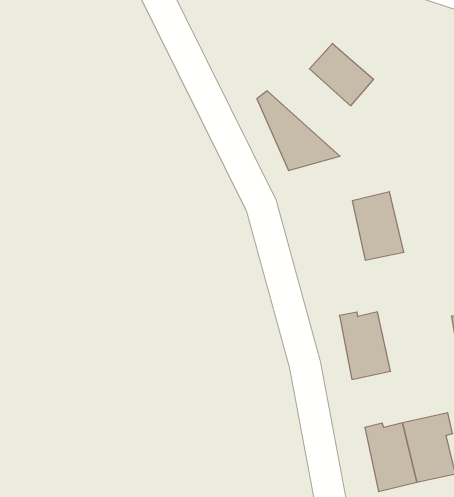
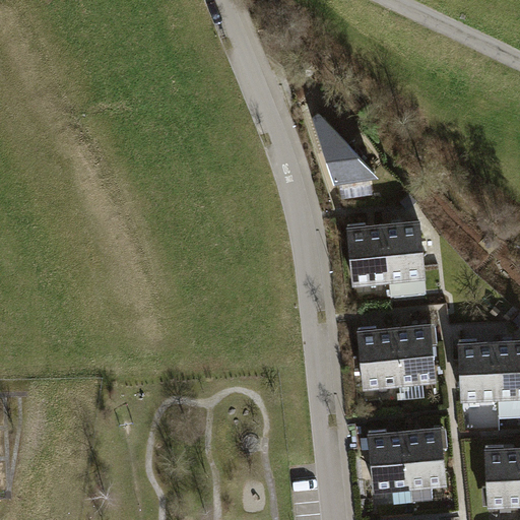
building: [309,43,373,106] -> none
building: none -> [348,224,389,284]
building: none -> [394,325,438,384]

